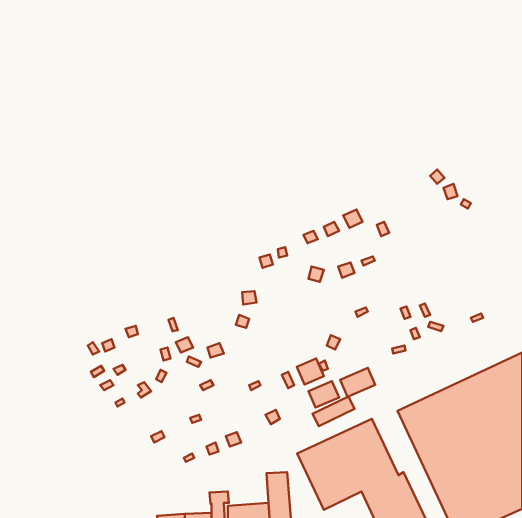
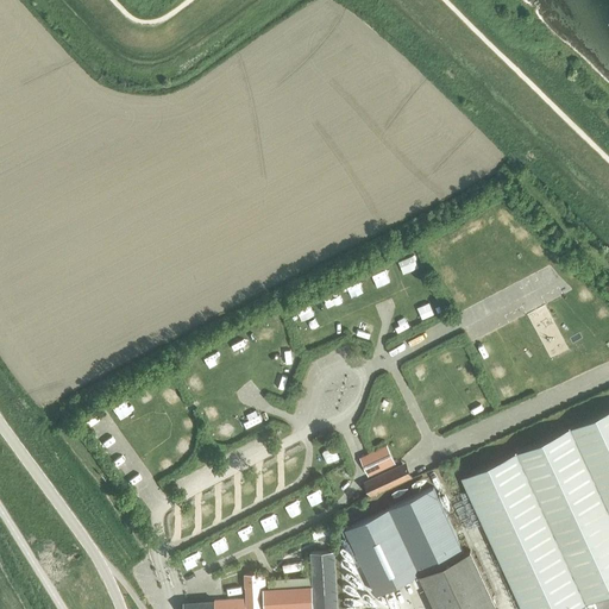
building: [297,359,324,385] -> none
building: [340,368,375,397] -> none

